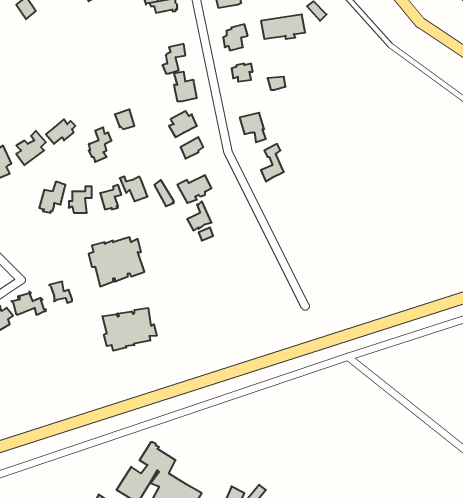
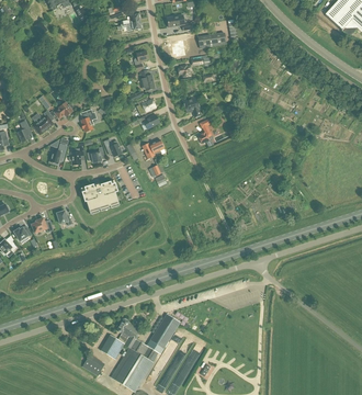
building: [102,308,157,351] -> none
building: none -> [149,313,180,348]

